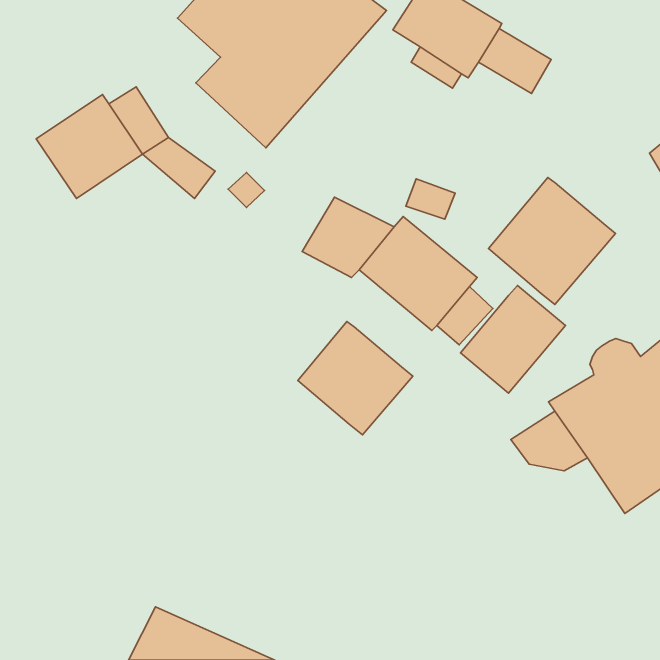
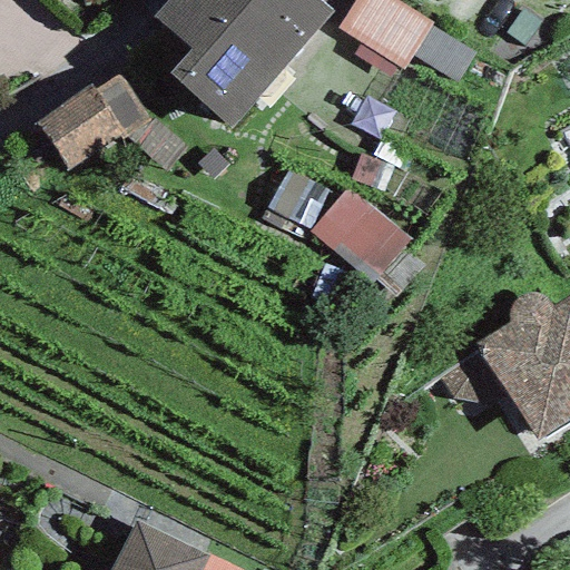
building: [488,178,615,305] -> none
building: [460,285,565,393] -> none
building: [298,322,413,435] -> none

